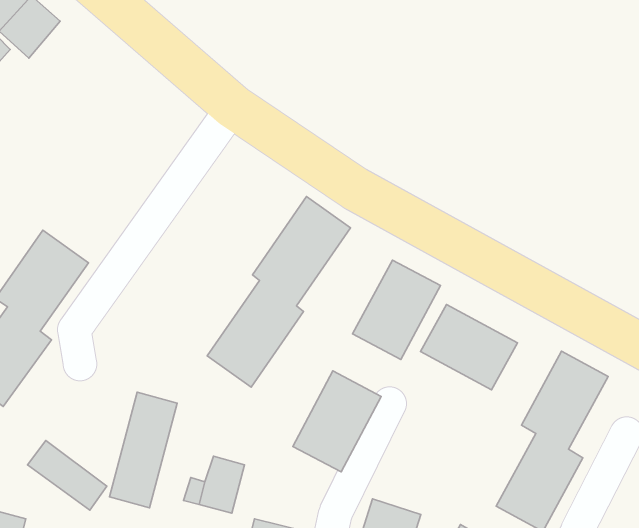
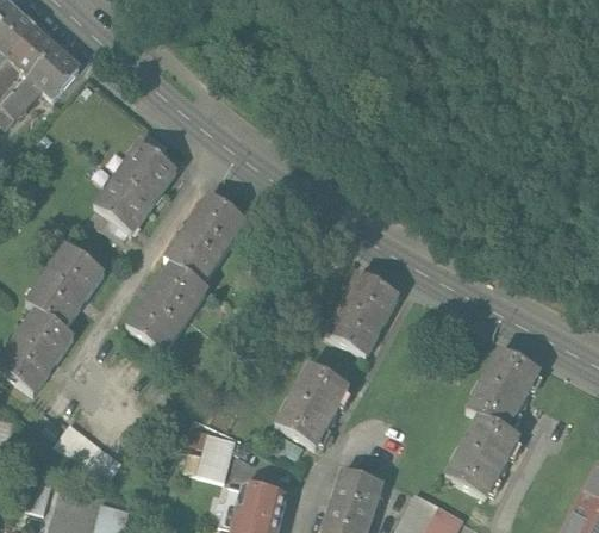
building: none -> [95,142,177,230]
building: [207,196,350,387] -> [127,190,248,349]
building: [421,304,517,390] -> none
building: [110,392,177,508] -> none

